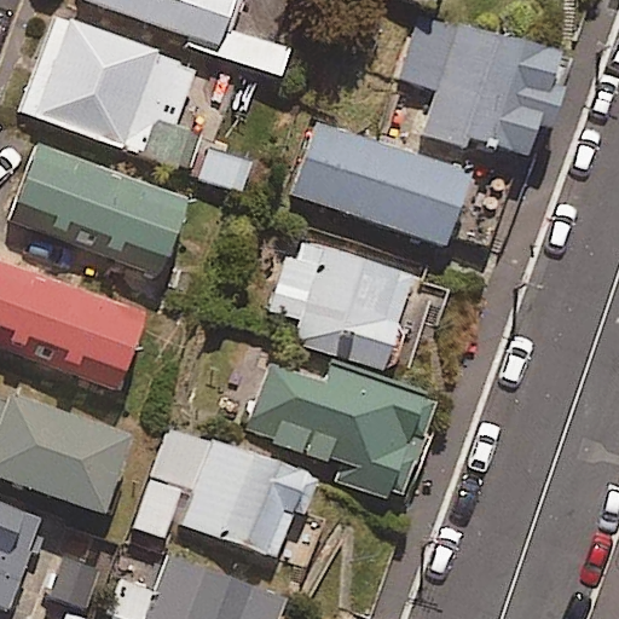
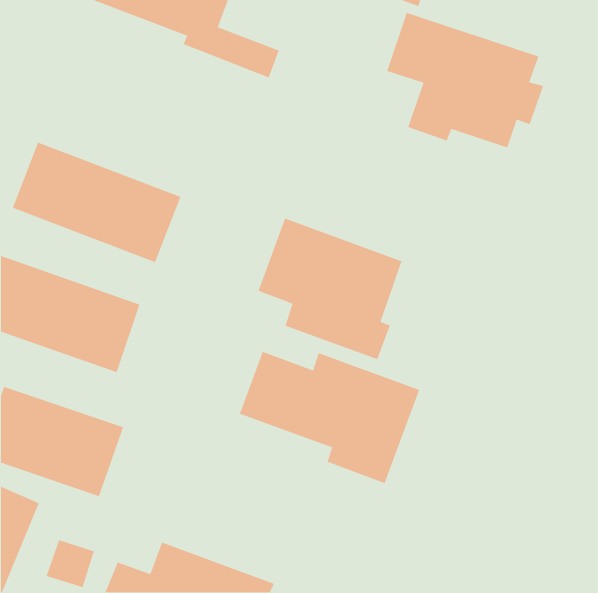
building: [28,16,196,161] -> none
building: [291,123,468,245] -> none
building: [134,426,318,556] -> none

